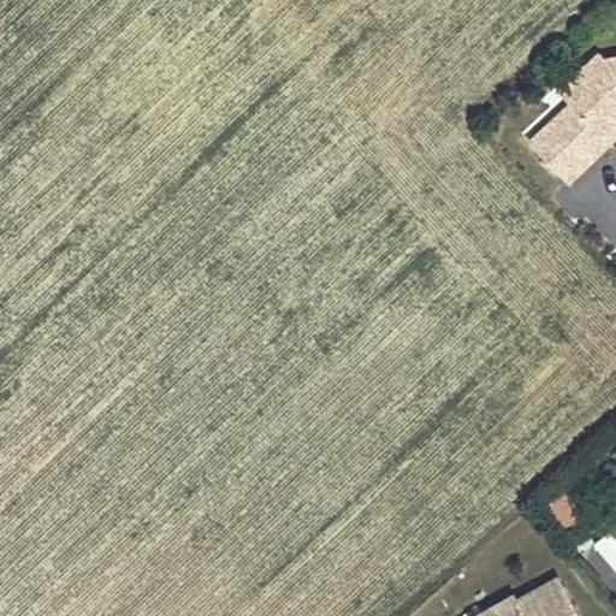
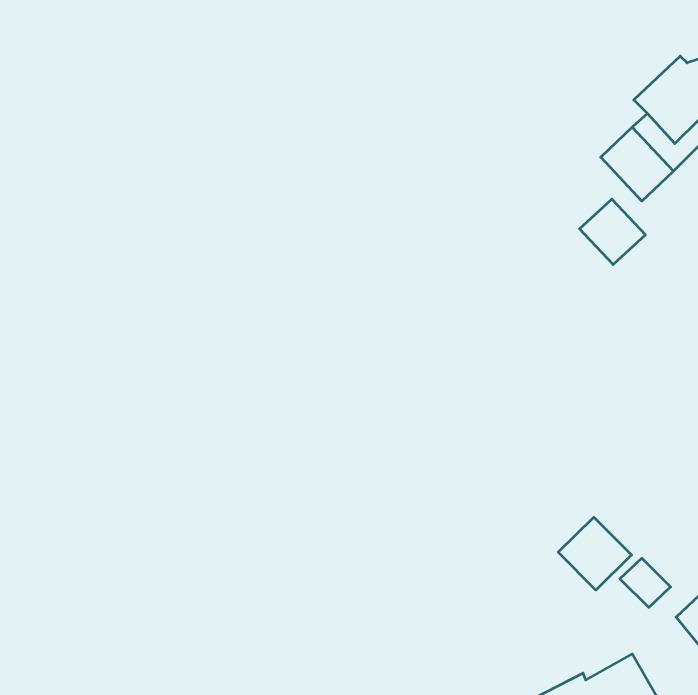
building: none -> [580,199,645,265]
building: none -> [558,517,632,590]

